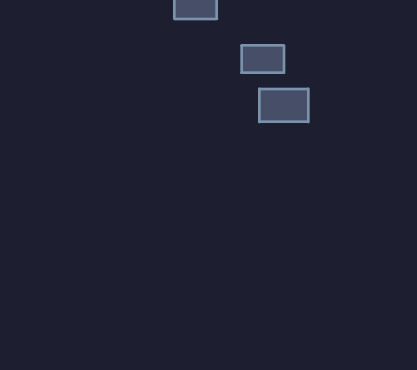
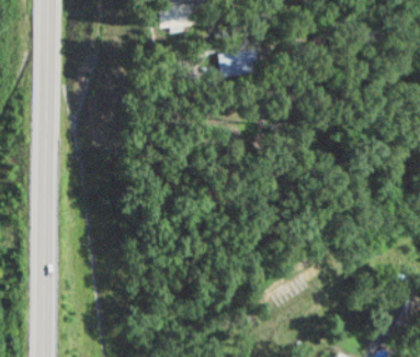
building: [259,89,308,122] -> none

